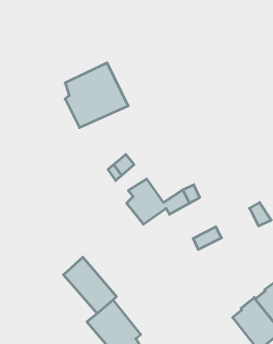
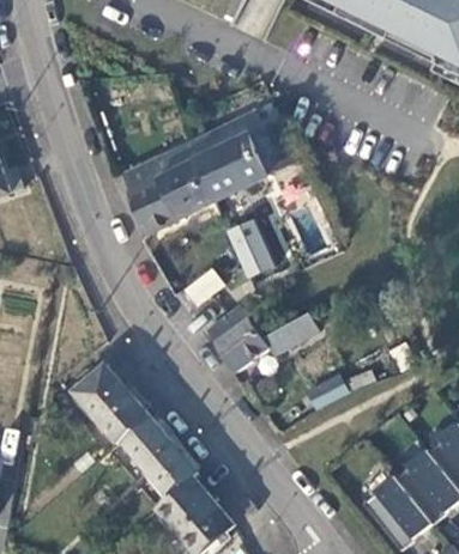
building: none -> [185,108,289,201]
building: none -> [223,215,271,278]
building: none -> [74,366,150,444]

